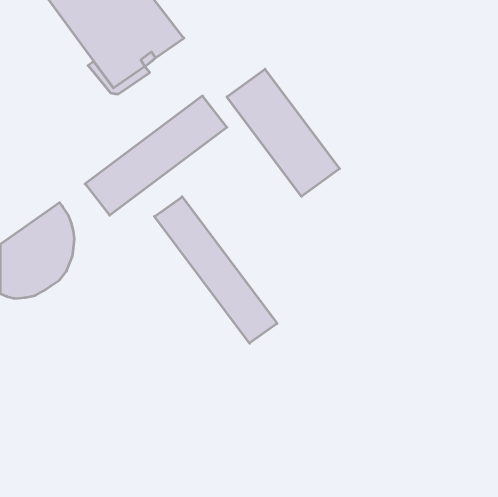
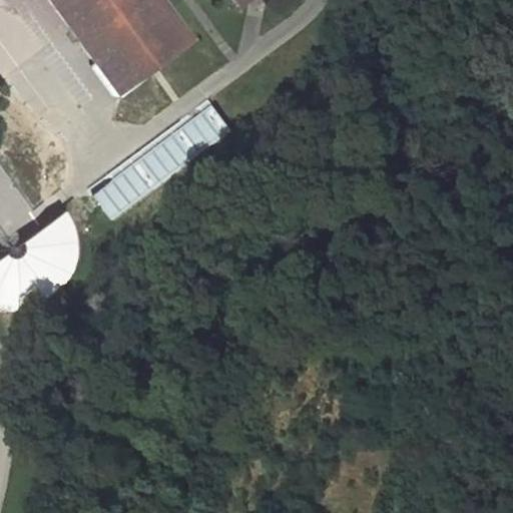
building: [227,69,340,196] -> none
building: [154,197,277,343] -> none

